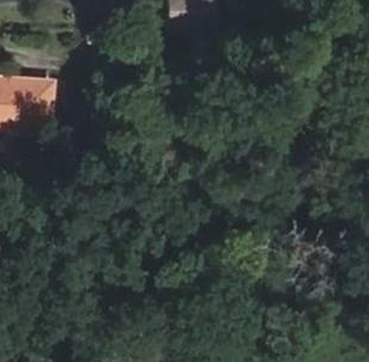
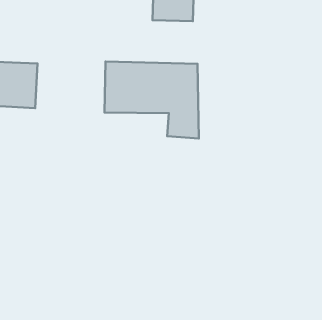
building: none -> [105,61,199,138]

